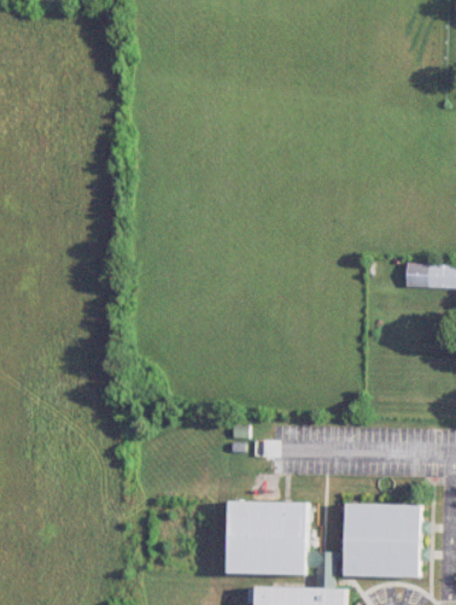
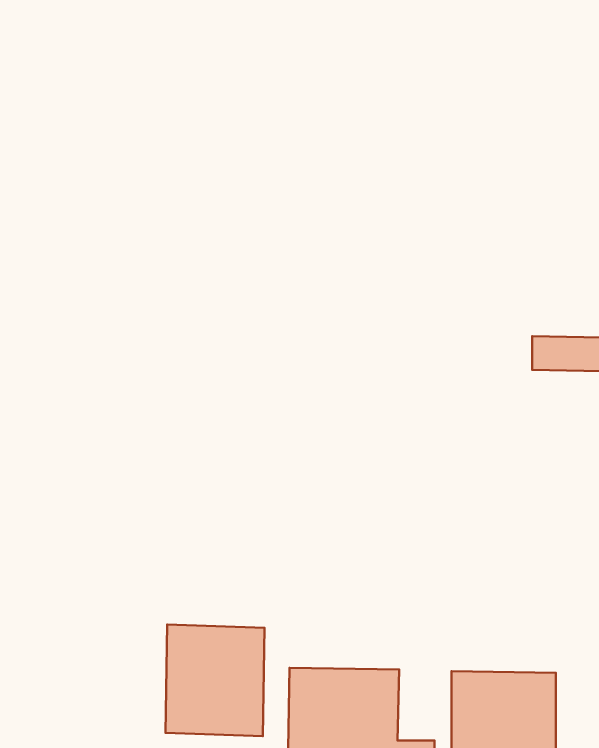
building: none -> [165,625,265,736]

